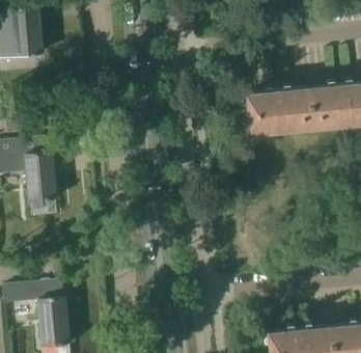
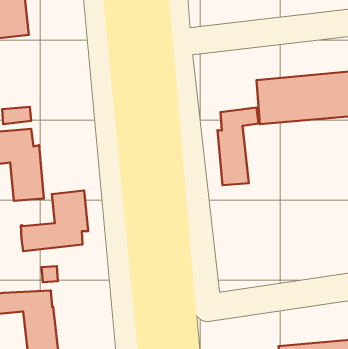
building: none -> [218,108,258,185]
building: none -> [21,191,88,251]

